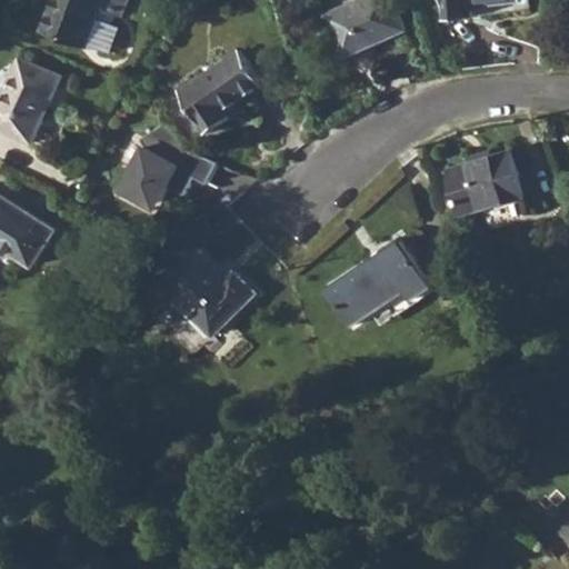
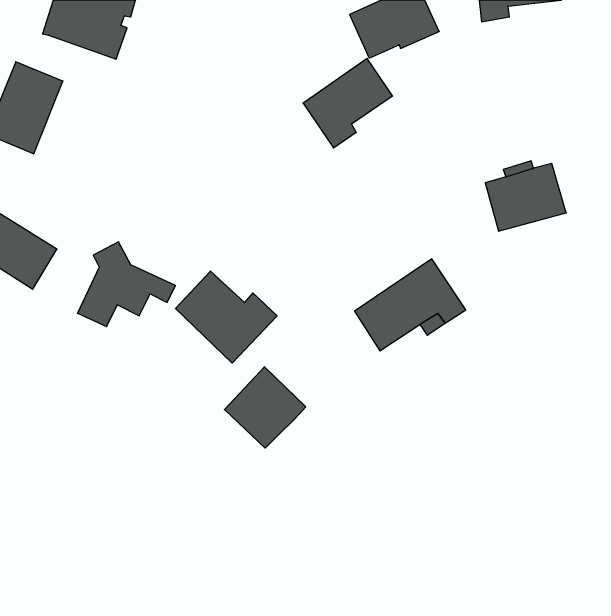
building: [178,52,260,134] -> [303,58,393,148]
building: [123,127,213,204] -> [77,242,175,327]
building: none -> [224,367,306,448]

